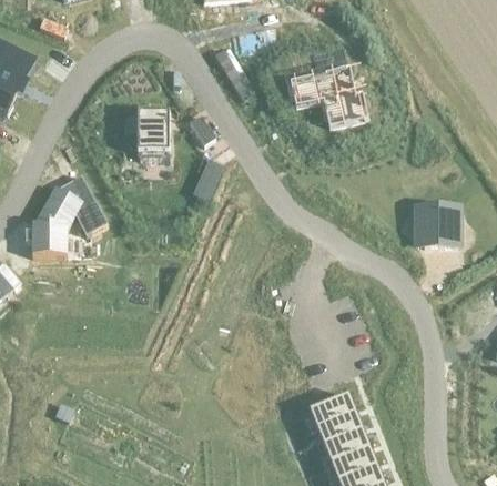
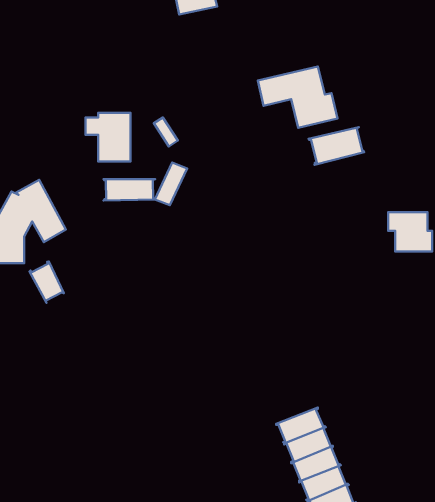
building: none -> [308,127,364,165]
building: none -> [104,179,155,201]
building: none -> [30,262,64,303]

